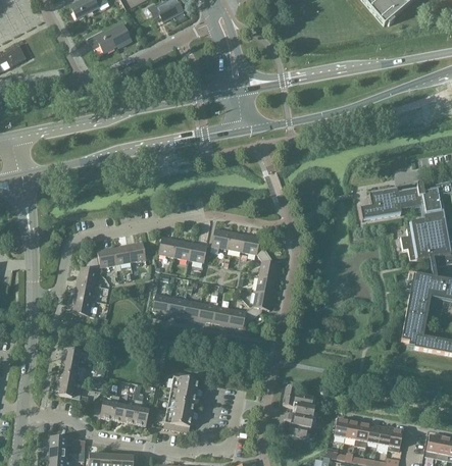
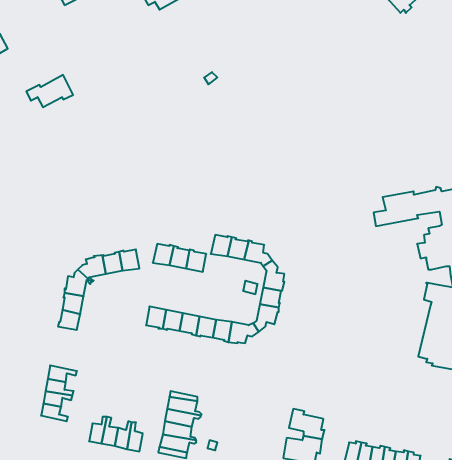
building: [90,23,133,53] -> [26,75,73,107]

